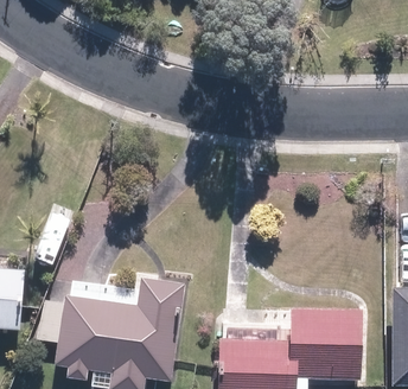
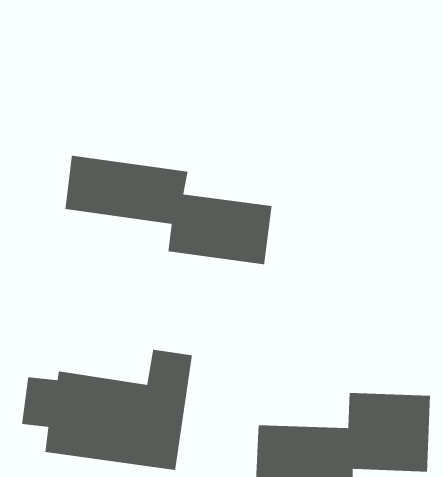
building: none -> [65,155,272,265]

